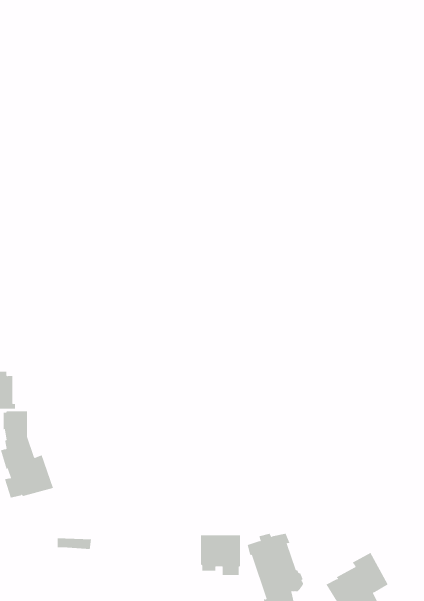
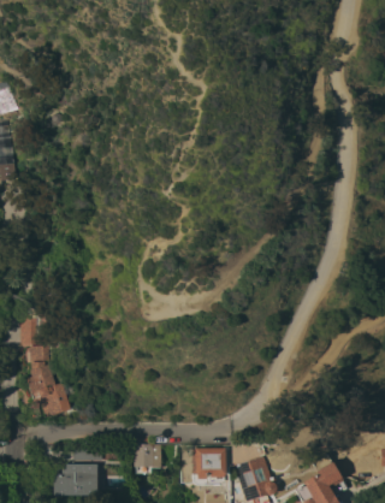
building: none -> [134,445,160,474]
building: none -> [53,464,99,496]

